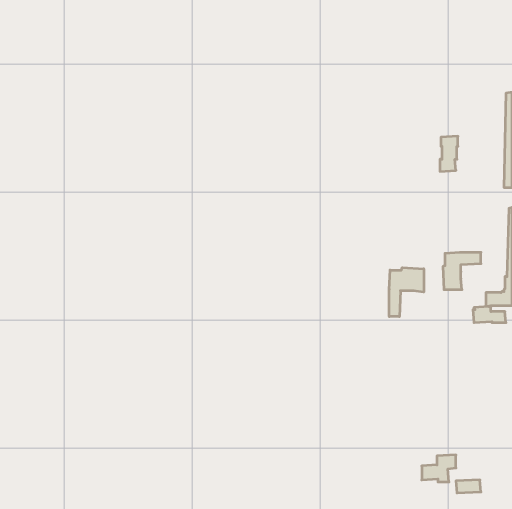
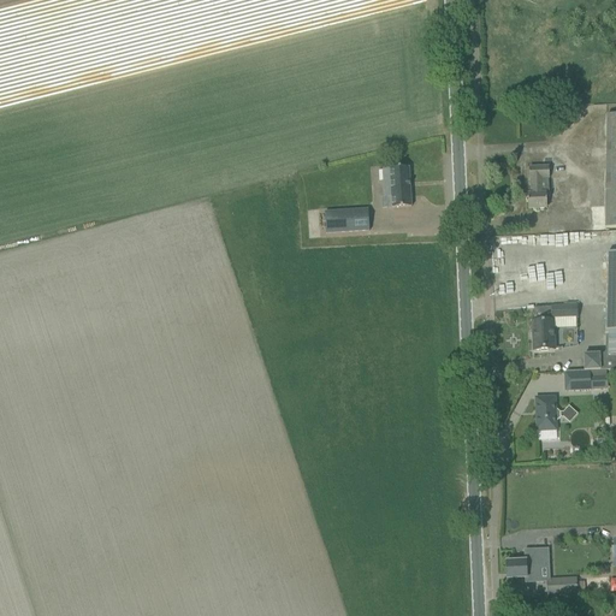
building: none -> [381,165,411,206]
building: none -> [325,207,369,231]
building: [389,268,424,317] -> none
building: none -> [535,395,561,428]

